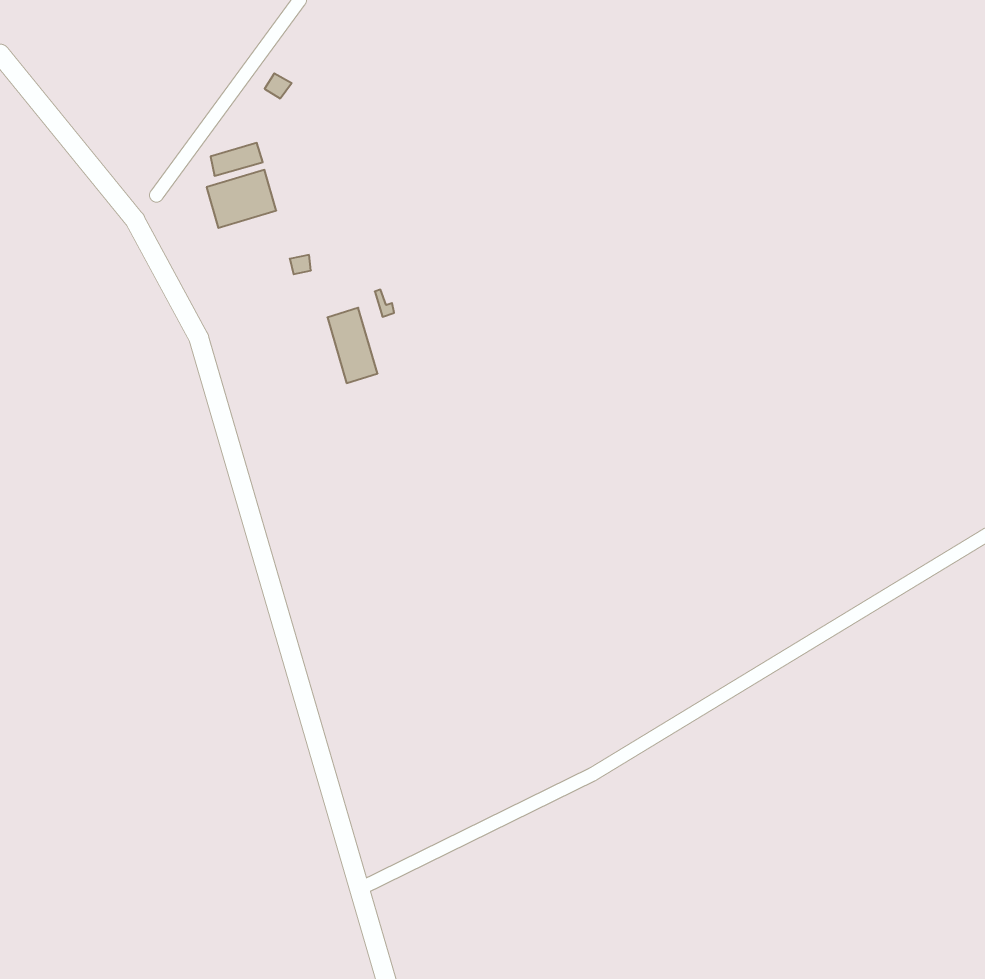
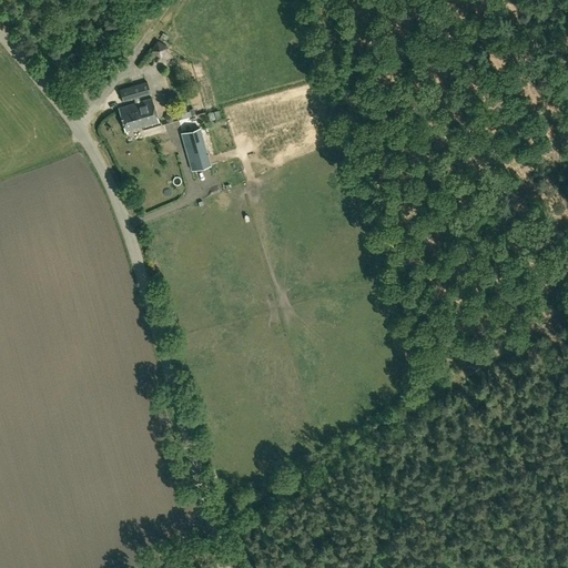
building: [327,308,378,383] -> [179,119,207,162]

